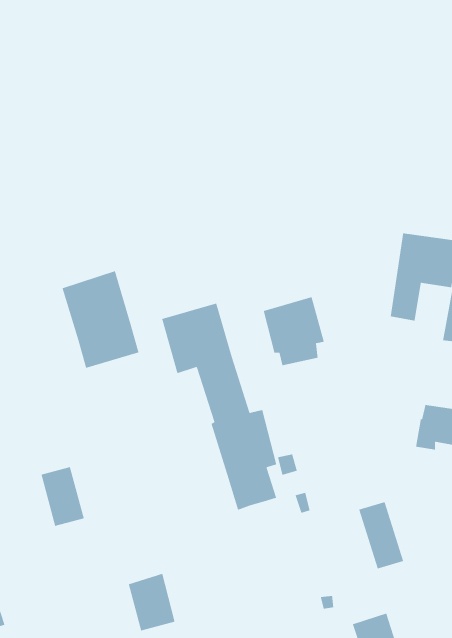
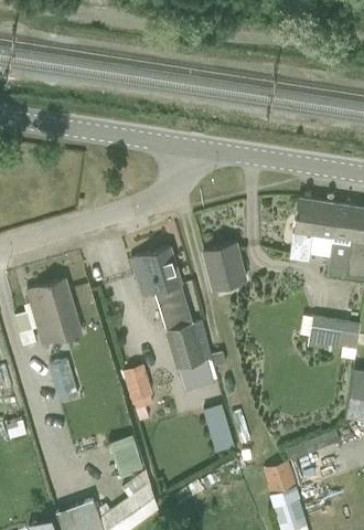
building: [62,270,139,369] -> [28,278,82,347]
building: none -> [122,367,152,402]
building: [358,501,404,569] -> [203,404,235,452]

